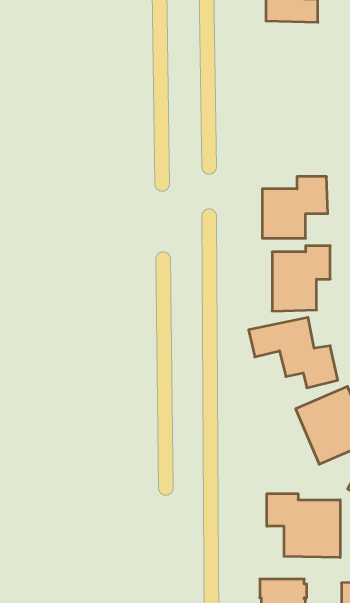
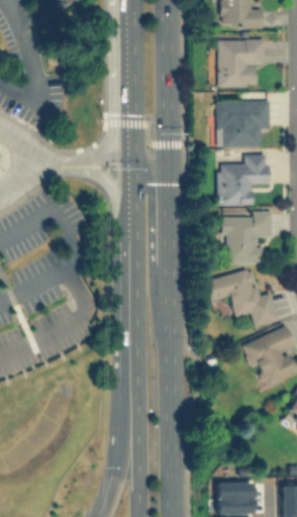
building: none -> [217,39,265,88]
building: none -> [217,100,270,147]
building: [267,494,340,558] -> none

